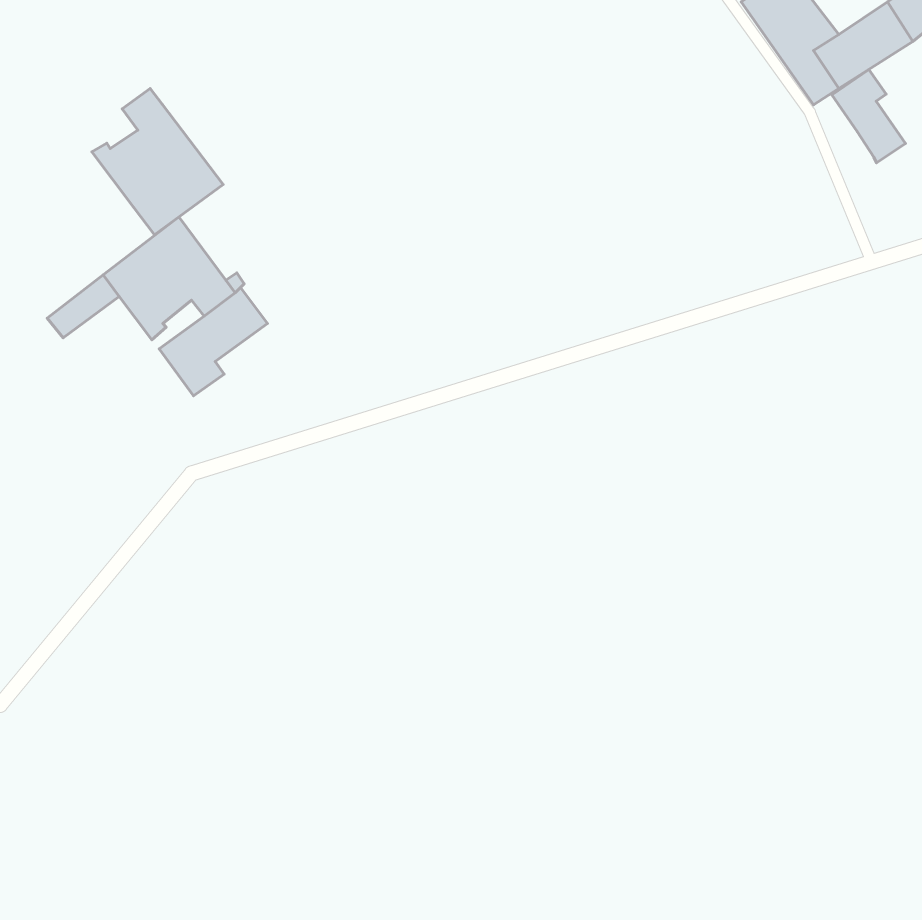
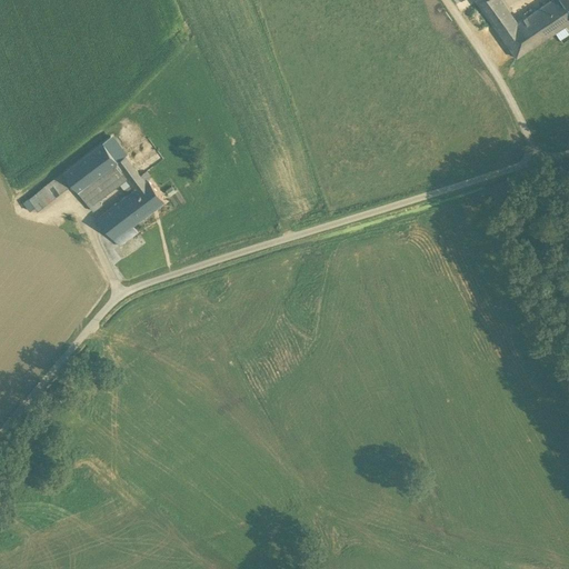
building: [832,70,905,163] -> none
building: [92,89,223,235] -> none

